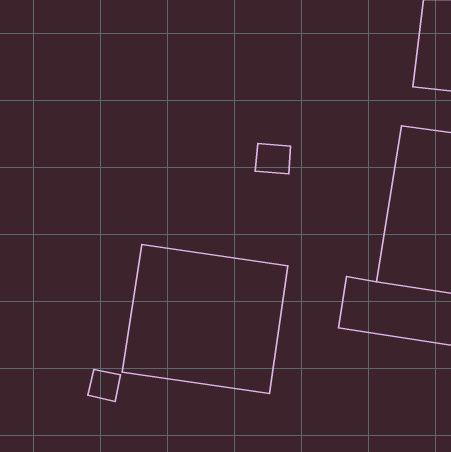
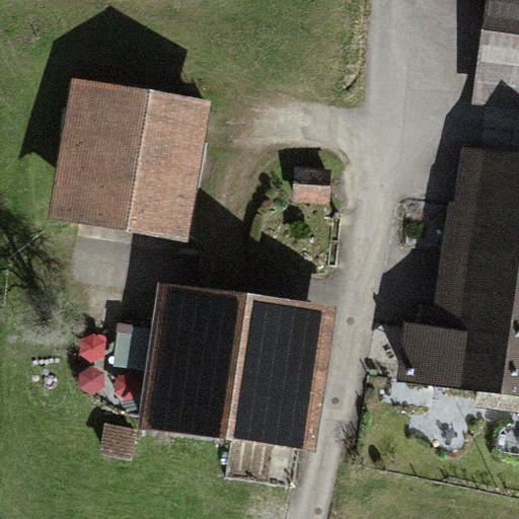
building: none -> [49,79,211,243]

